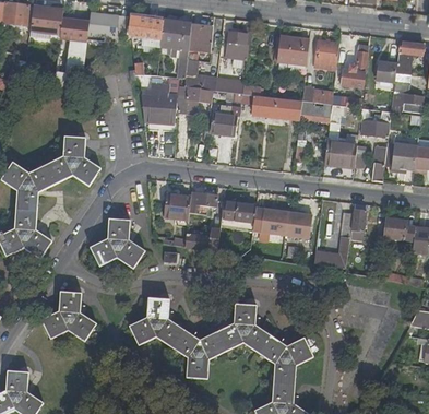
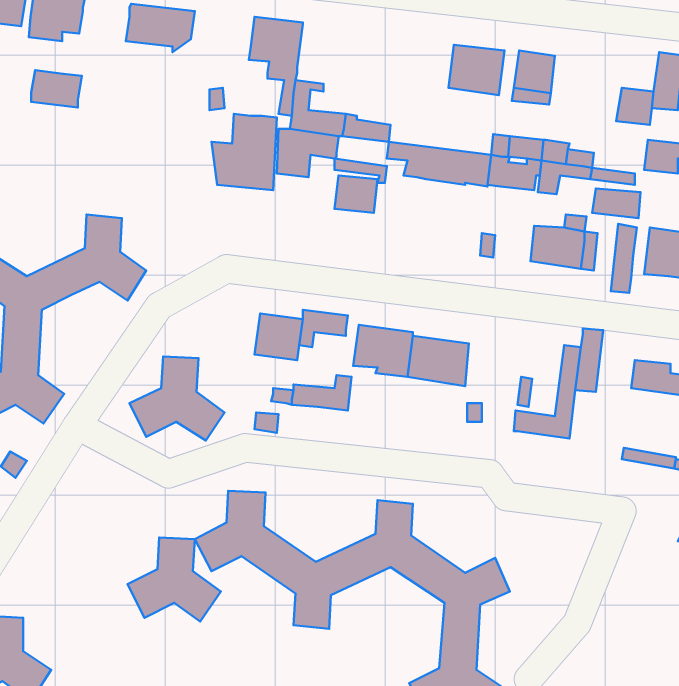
building: [129,15,163,37] -> none
building: [60,16,90,38] -> [31,70,82,108]
building: [188,24,213,52] -> none
building: [225,27,250,57] -> none
building: [341,45,368,87] -> none
building: [286,211,313,239] -> none
building: [41,292,96,341] -> [128,537,221,621]

